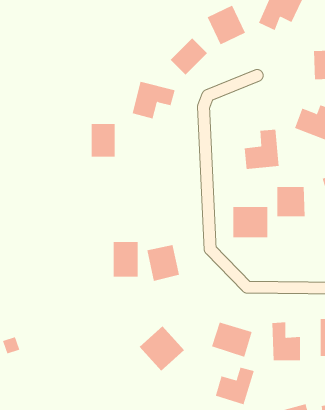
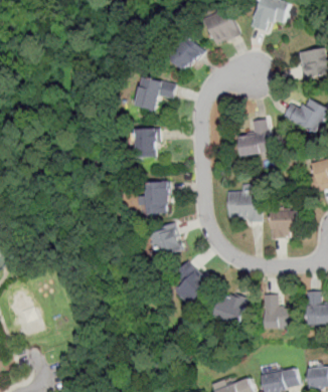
building: [91,124,115,157] -> [135,128,157,158]
building: [276,187,305,217] -> [270,210,296,237]
building: [113,241,139,277] -> [145,181,168,213]
building: [139,326,185,372] -> [167,264,208,306]
building: [215,367,254,405] -> none

